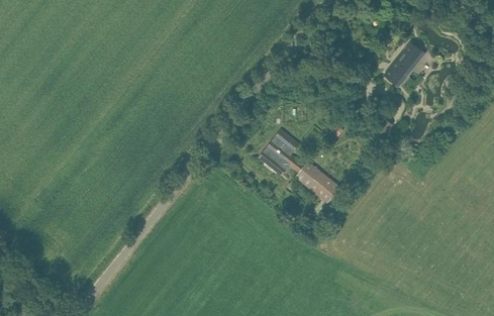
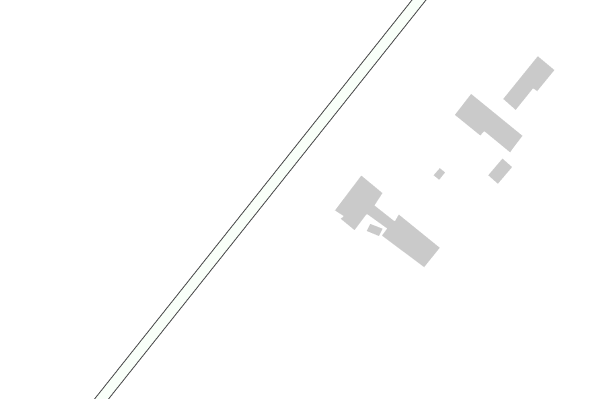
building: none -> [454,93,523,153]

